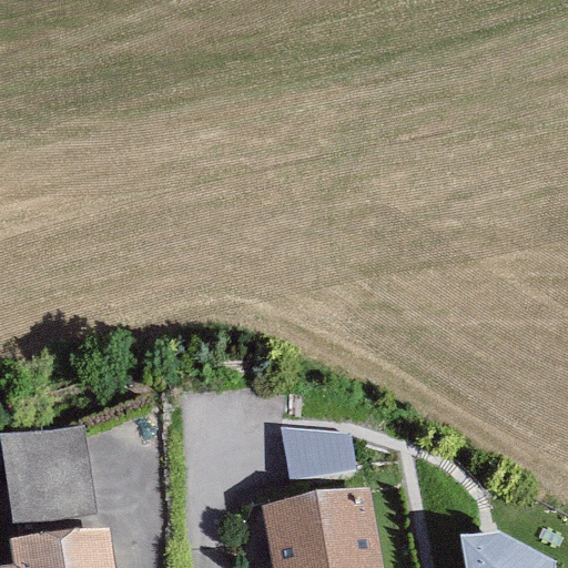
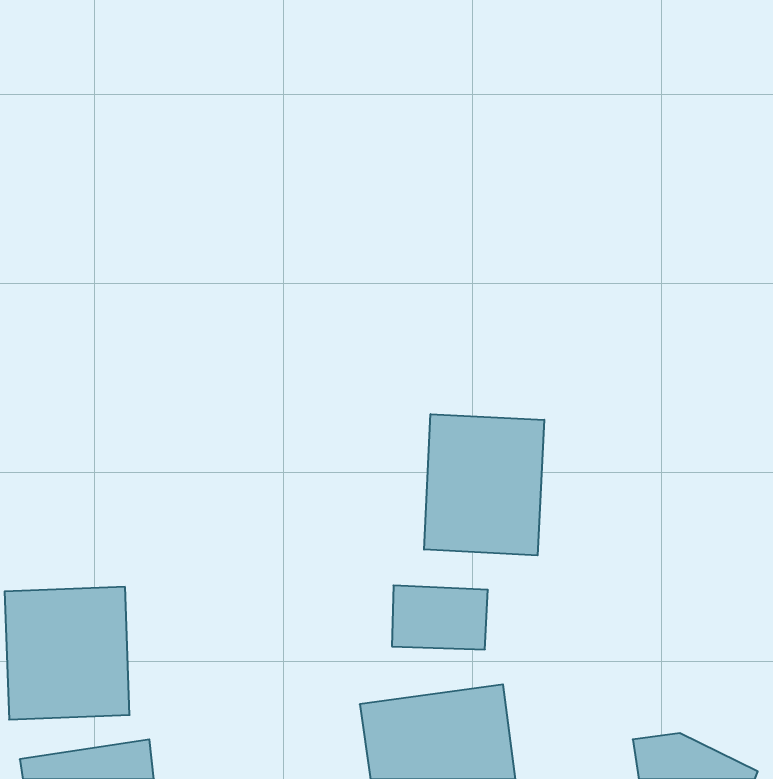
building: none -> [424,414,544,555]

